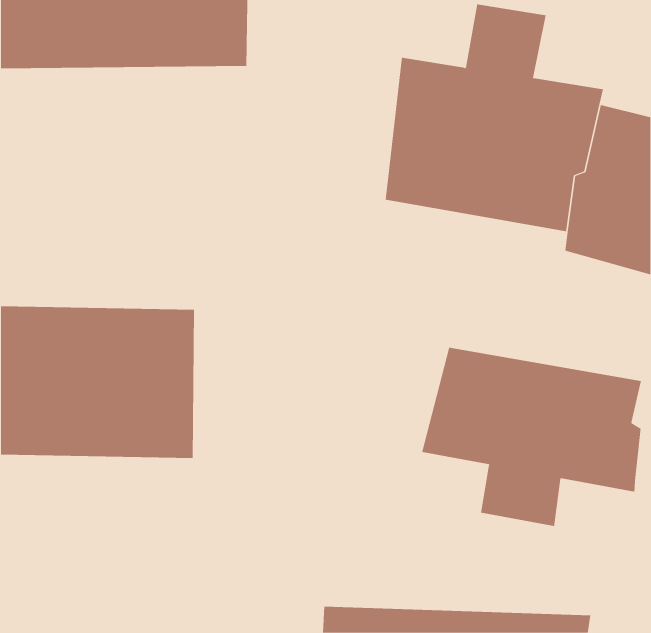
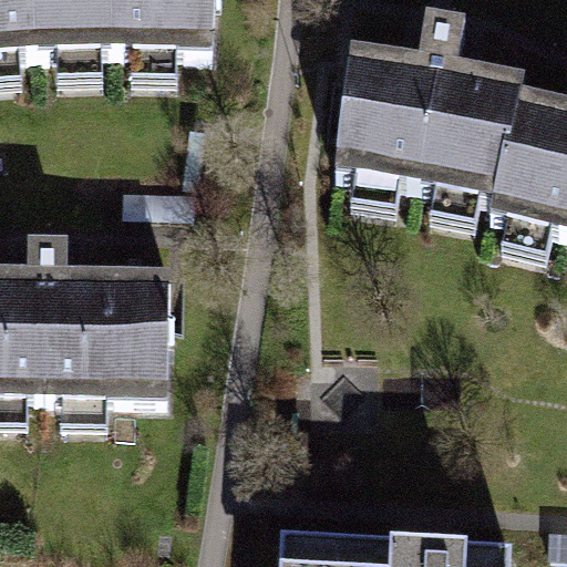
building: [422,347,642,527] -> none

